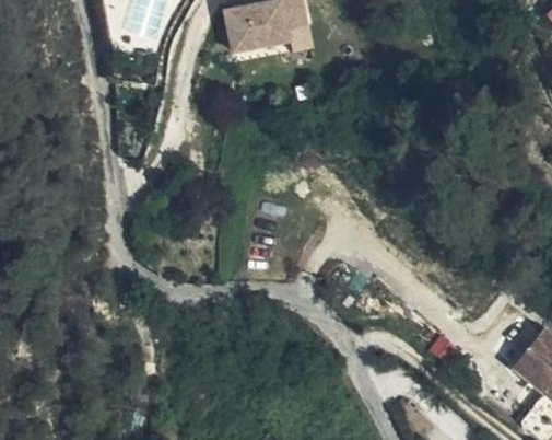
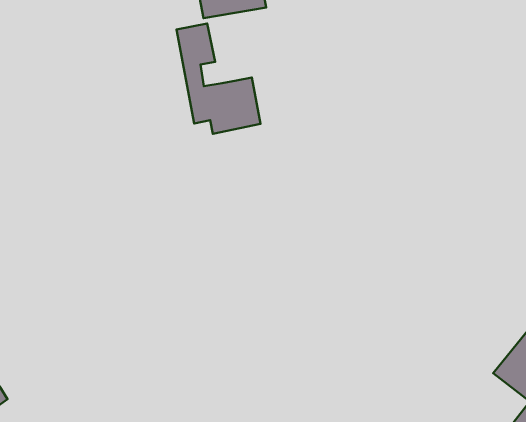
building: none -> [176,23,261,134]

